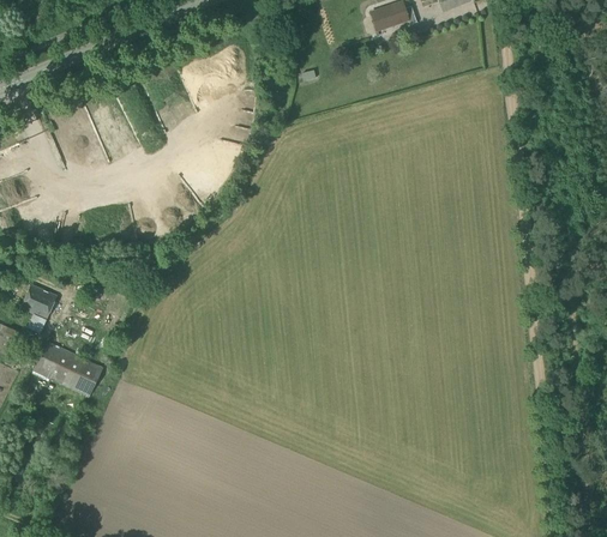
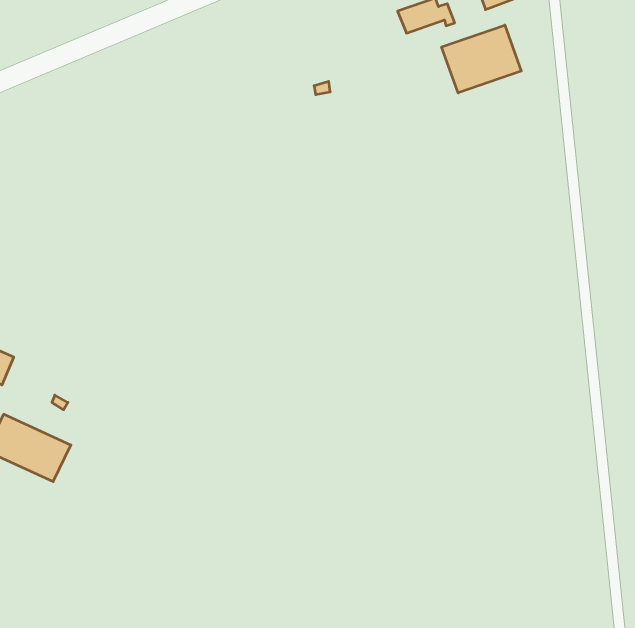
building: none -> [442,25,521,93]

